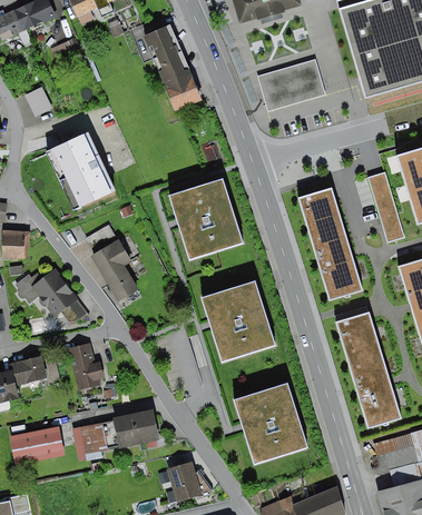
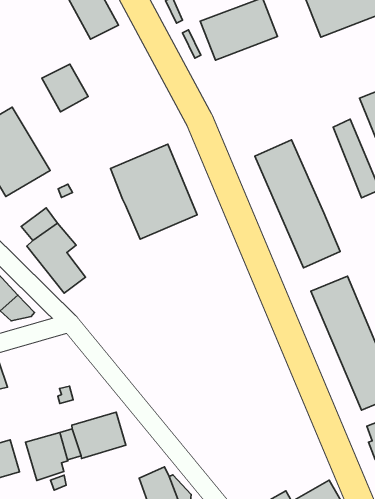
building: [161,69,200,110] -> [42,64,88,112]
building: [202,279,276,362] -> none
building: [67,341,104,390] -> none
building: [233,383,307,464] -> none

